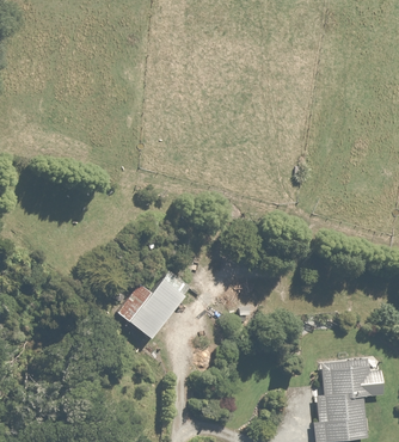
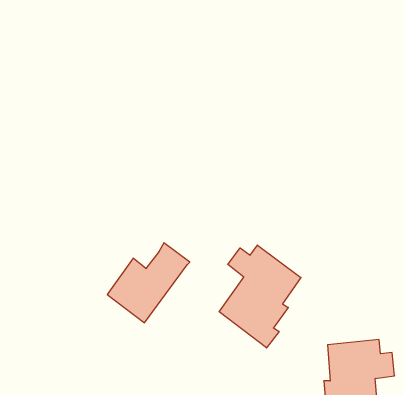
building: none -> [219,245,301,348]

